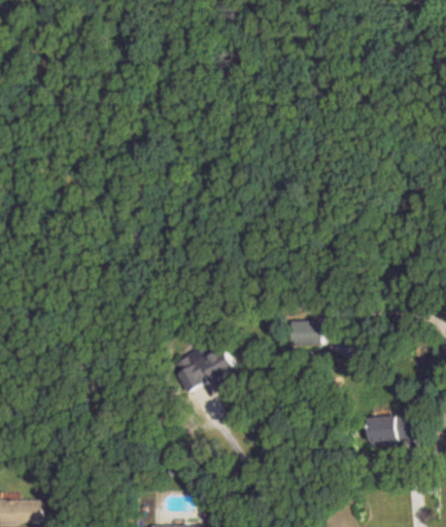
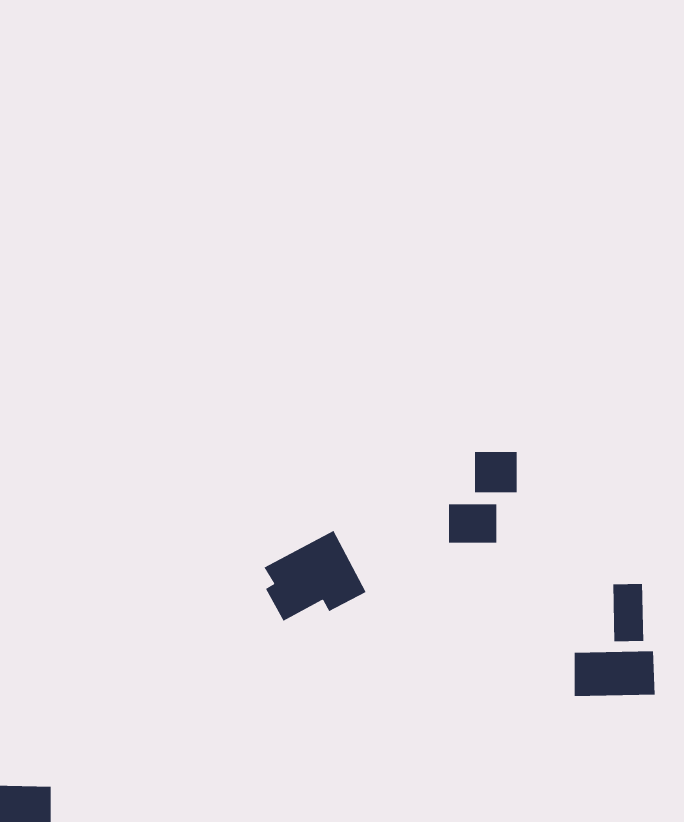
building: none -> [474,451,517,493]
building: none -> [613,583,644,642]

